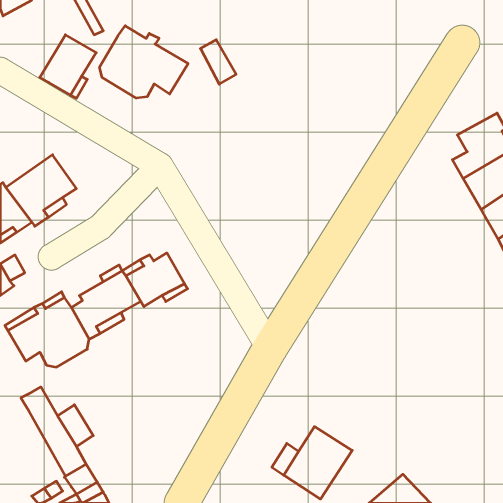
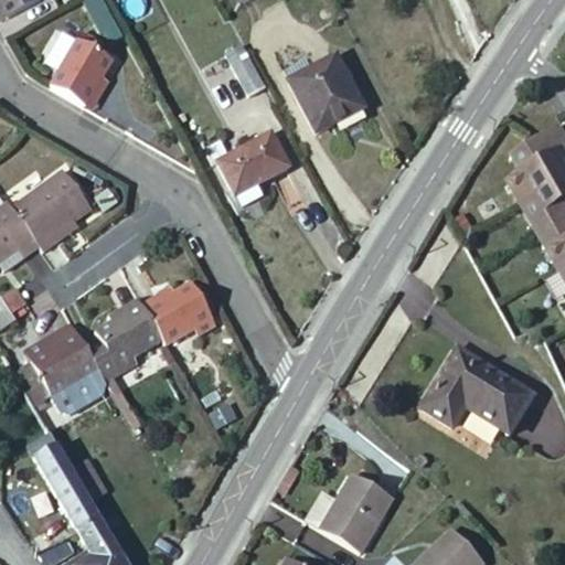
building: [100,26,188,98] -> none
building: none -> [289,54,361,131]
building: none -> [217,132,287,207]
building: none -> [420,349,529,430]

